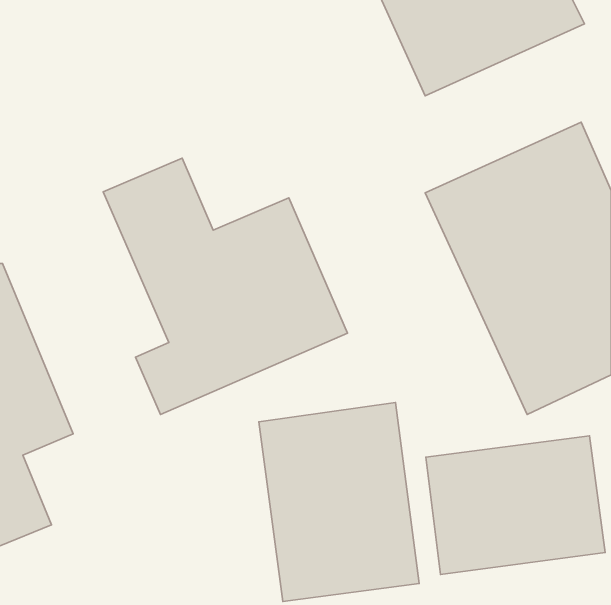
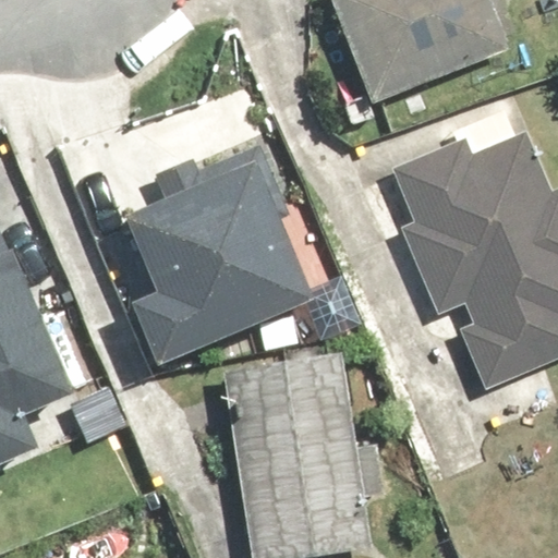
building: [426,436,605,574] -> none

